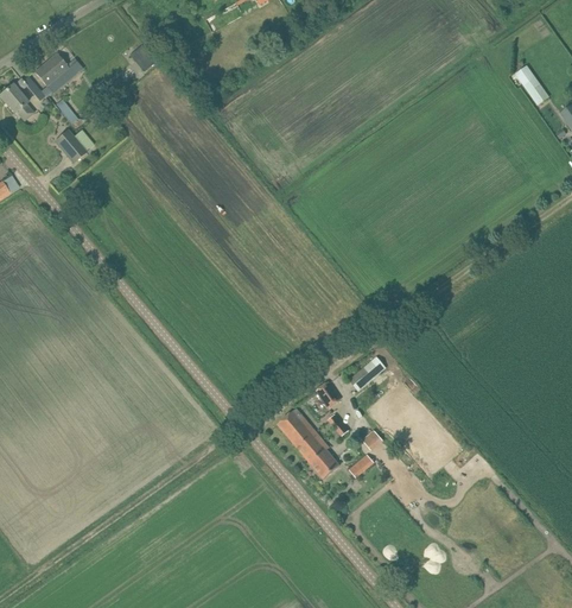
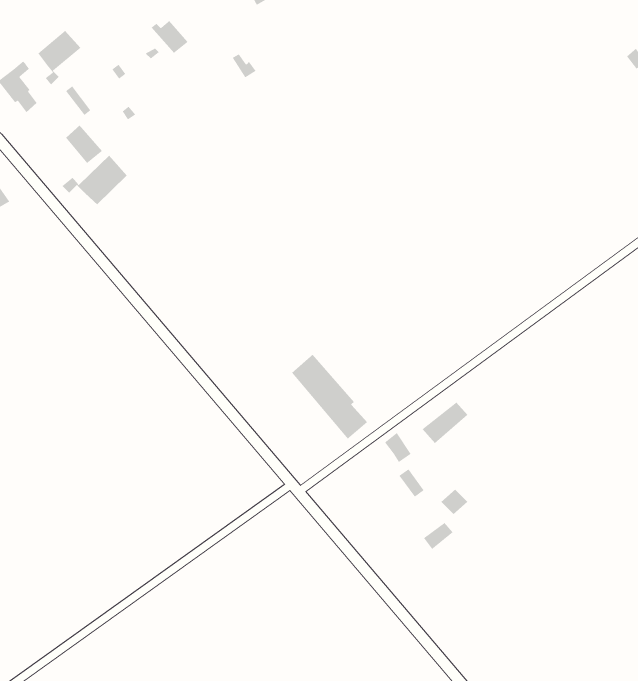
building: none -> [61,155,128,205]
building: [278,407,341,477] -> [291,354,368,439]

